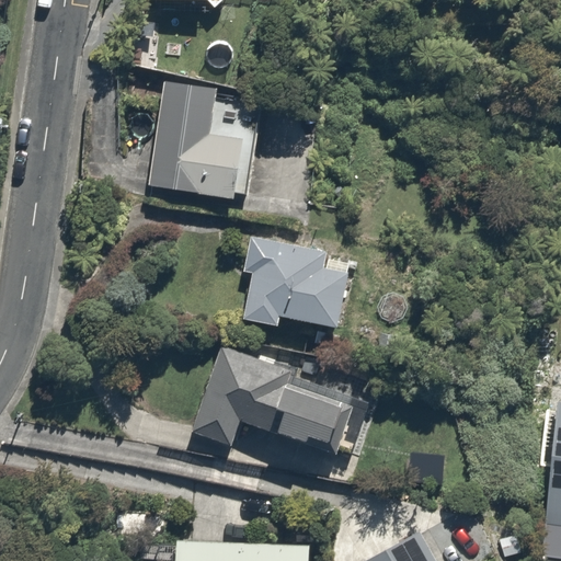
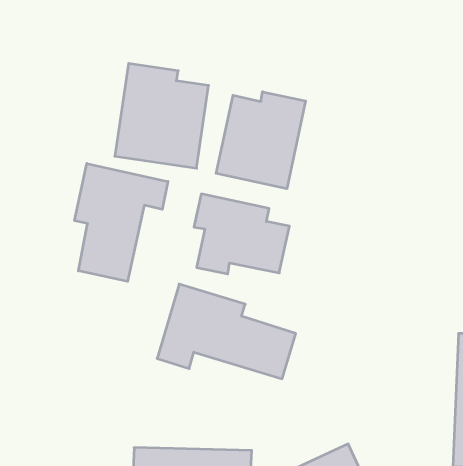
building: none -> [216,92,306,189]
building: none -> [75,163,168,281]

